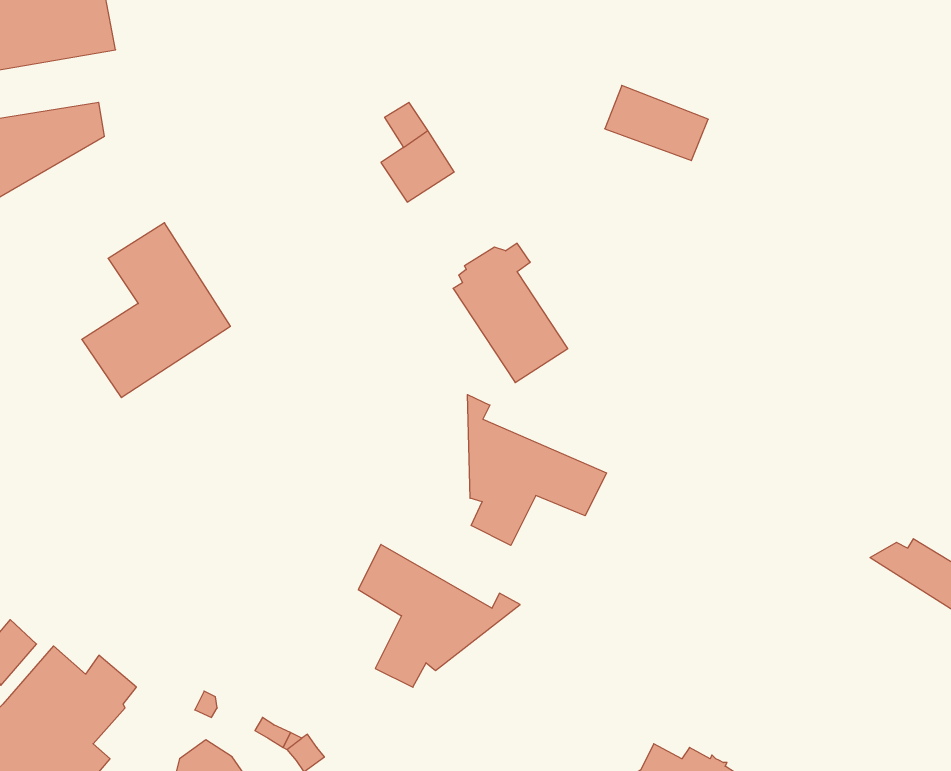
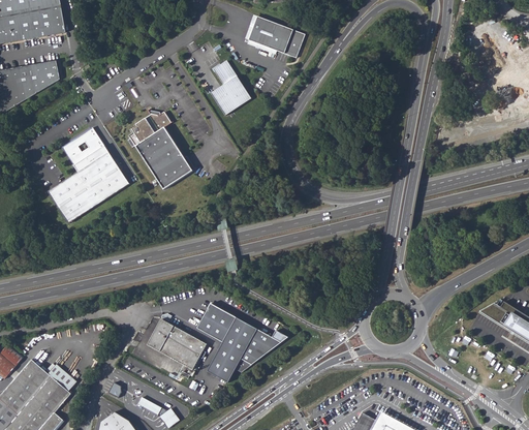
building: [605,85,708,161] -> [248,16,305,57]
building: [453,243,568,383] -> [129,112,192,188]
building: [467,395,606,545] -> none
building: none -> [147,318,206,369]

